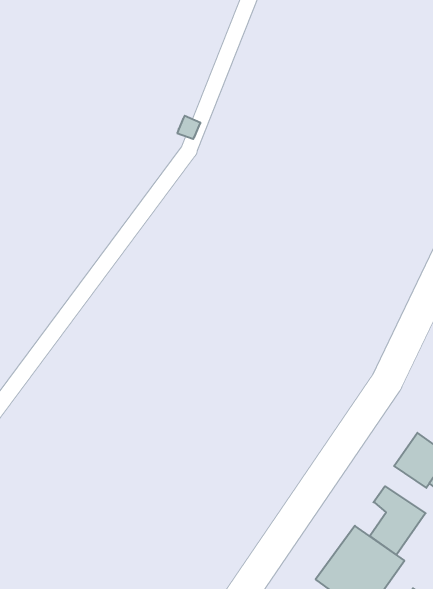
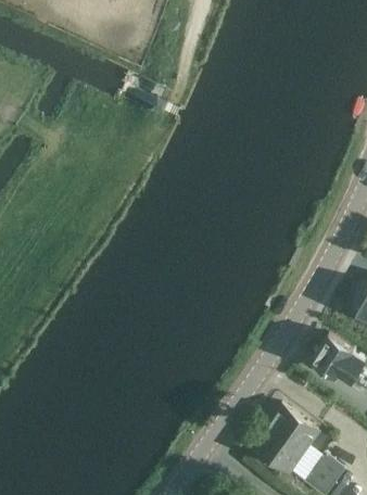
building: [370,486,426,555] -> none

